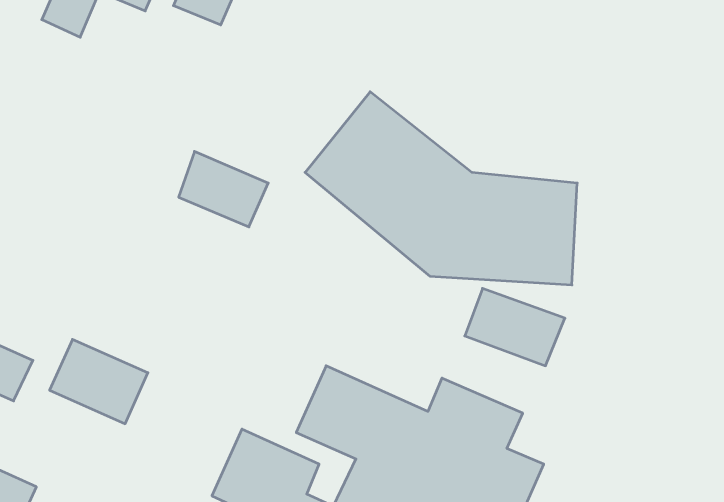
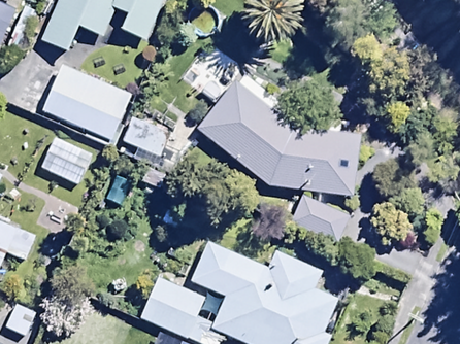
building: none -> [39,64,132,149]
building: [50,339,148,424] -> [38,135,96,184]

